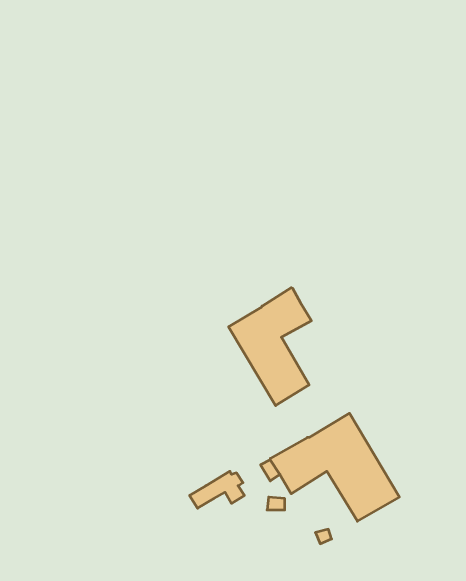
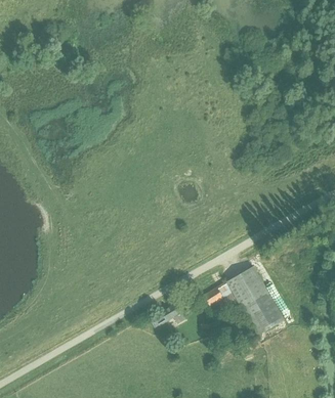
building: [229,288,311,406] -> none

